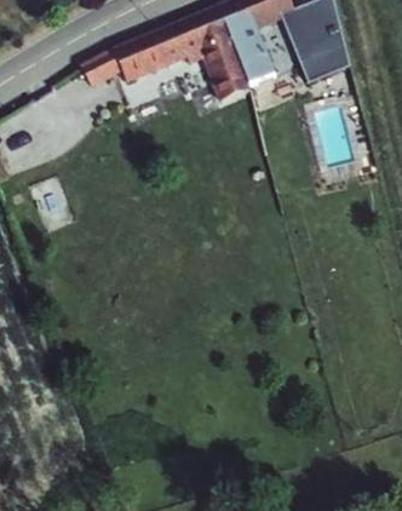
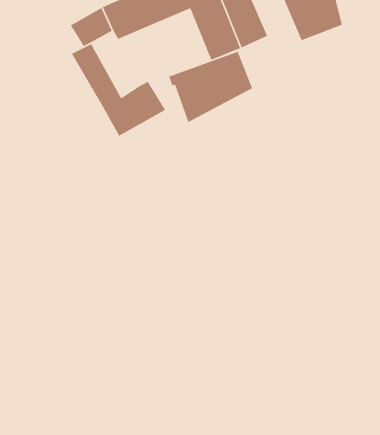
building: none -> [71,43,166,137]
building: none -> [168,51,253,123]

